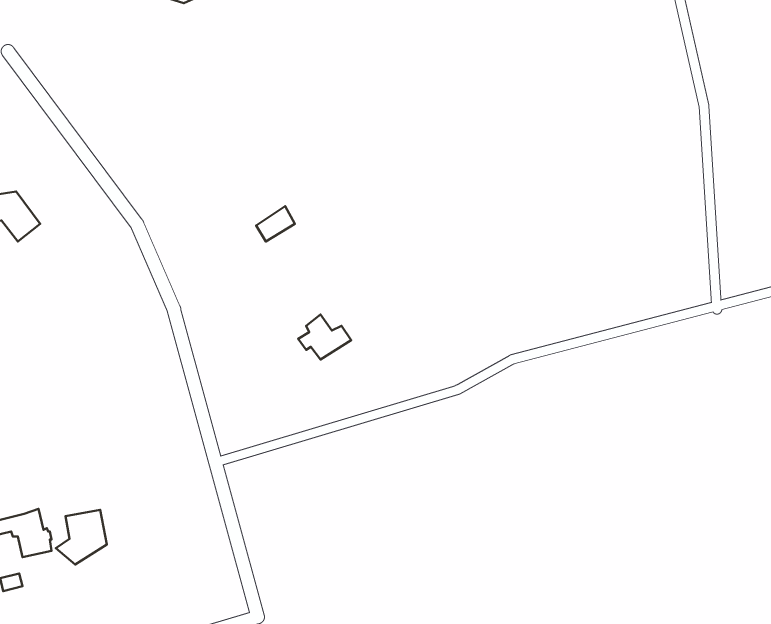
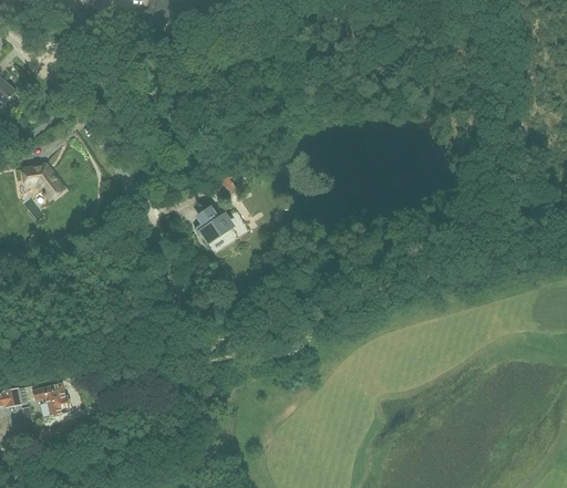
building: [298,315,351,360] -> [194,208,230,239]
building: [56,510,107,564] -> none

